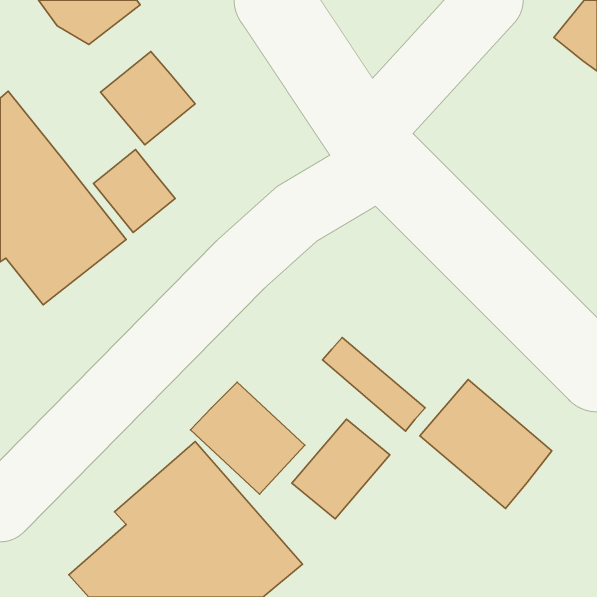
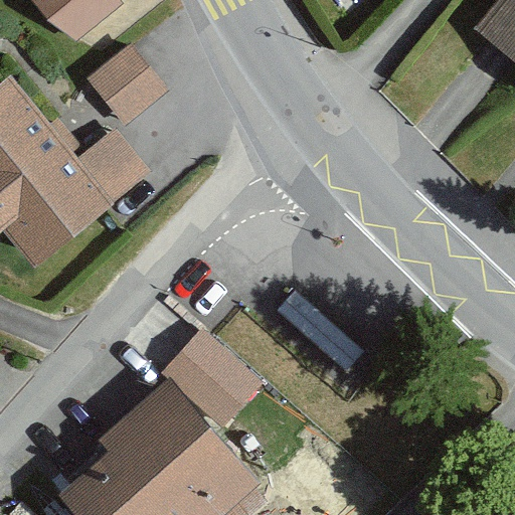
building: [420,379,552,508] -> none
building: [292,419,390,519] -> none

